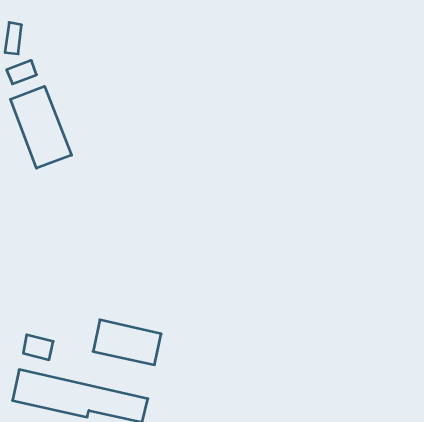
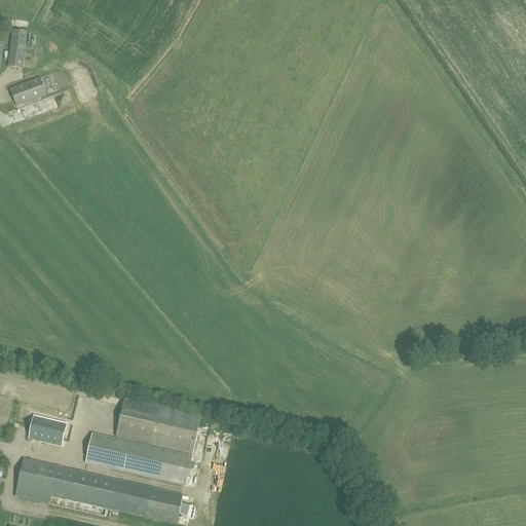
building: [10,86,72,168] -> none
building: none -> [85,431,191,483]

